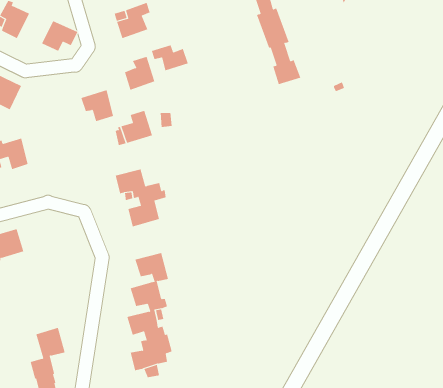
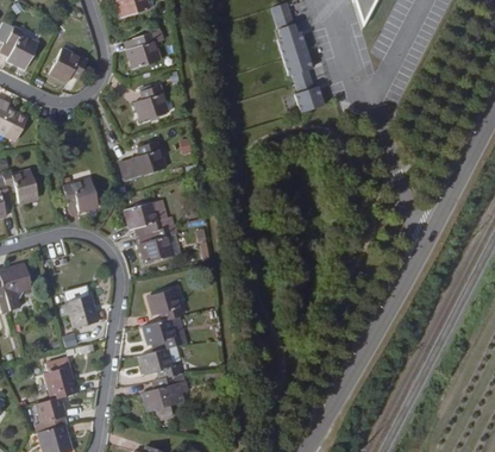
building: [151,45,188,71] -> none
building: [81,90,114,122] -> [63,178,98,212]
building: none -> [67,295,98,328]

